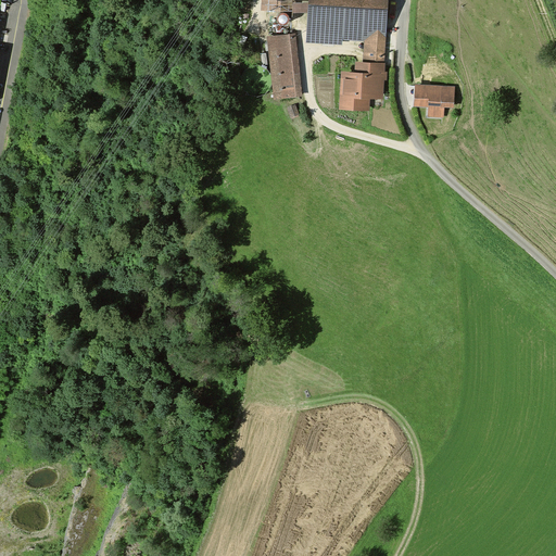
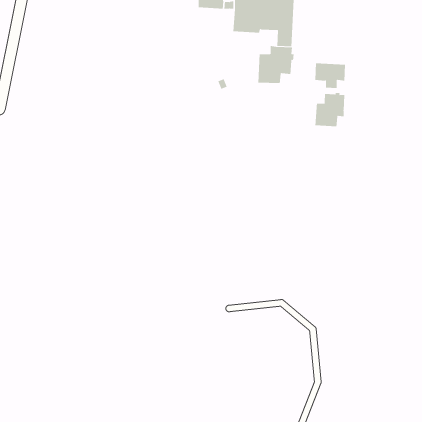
building: [266,31,302,98] -> none
building: none -> [315,92,345,127]

